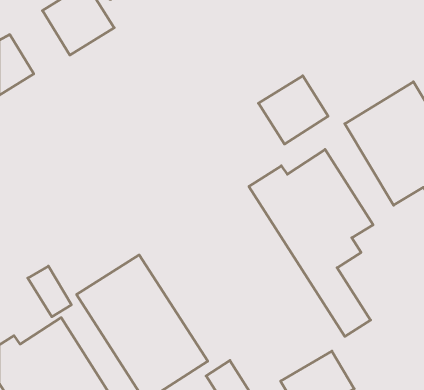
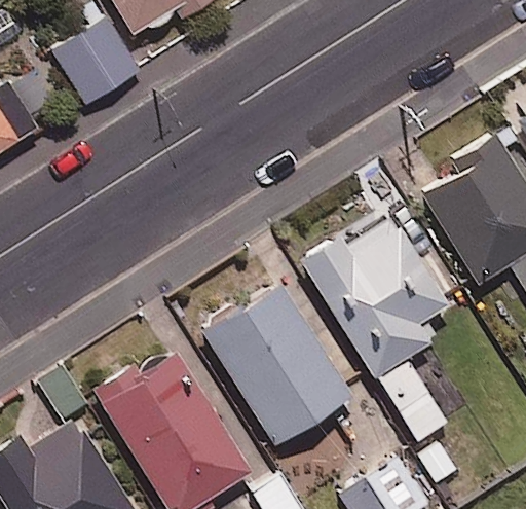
building: [258,76,328,144] -> none
building: none -> [202,284,353,447]

